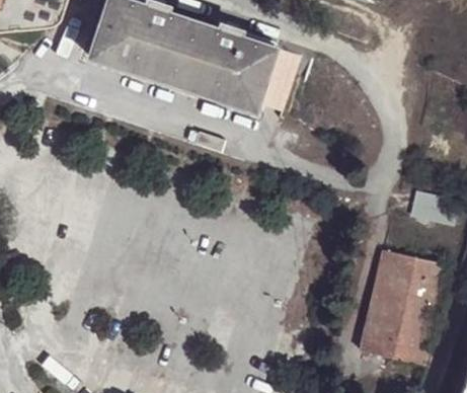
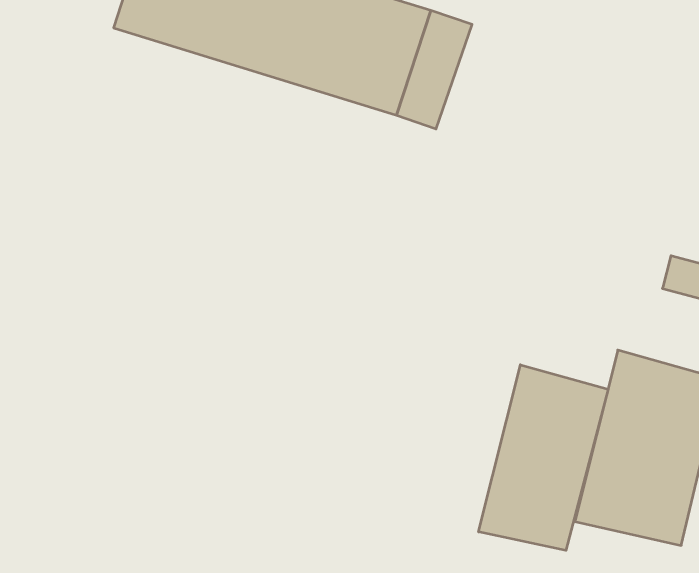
building: none -> [479,365,608,550]

